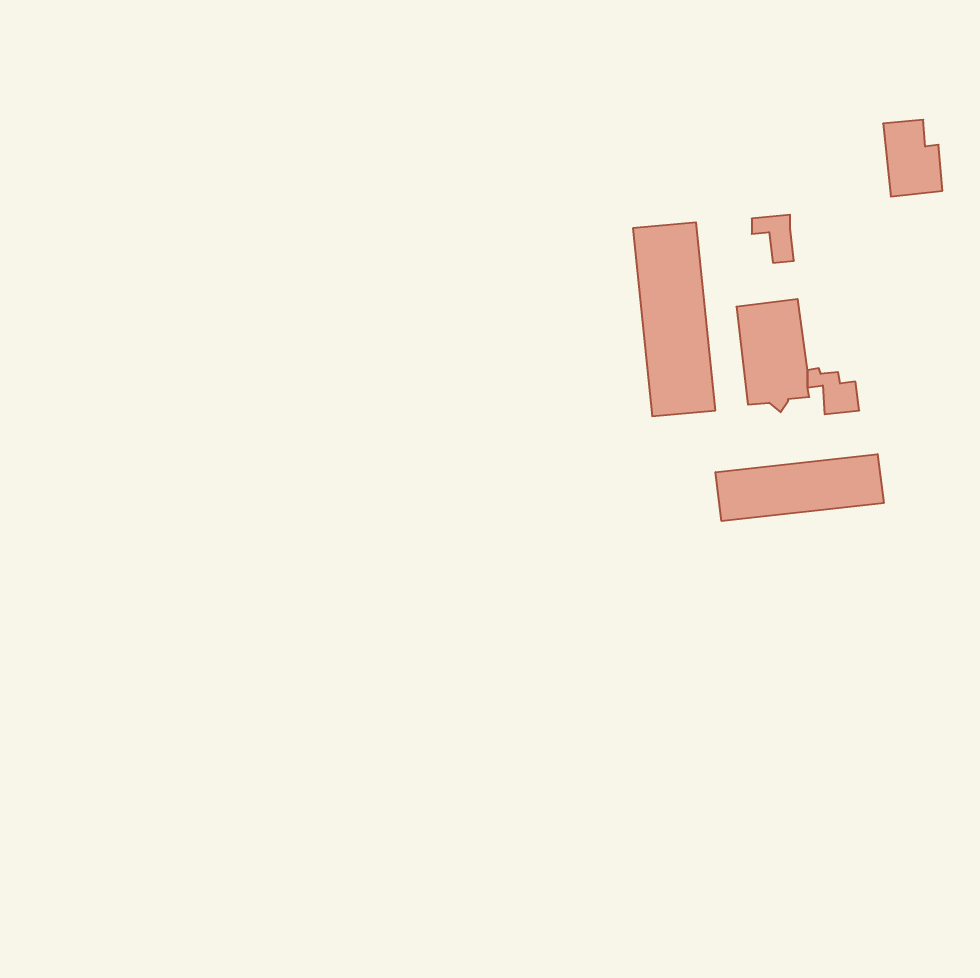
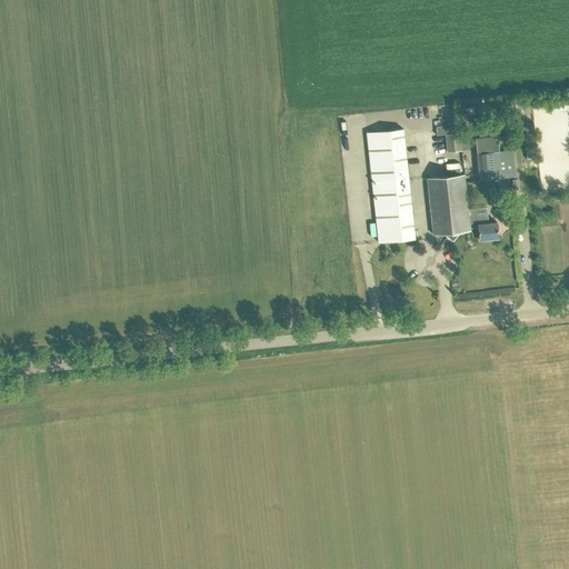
building: [883,120,942,196] -> [475,137,509,181]
building: [716,454,884,521] -> none

